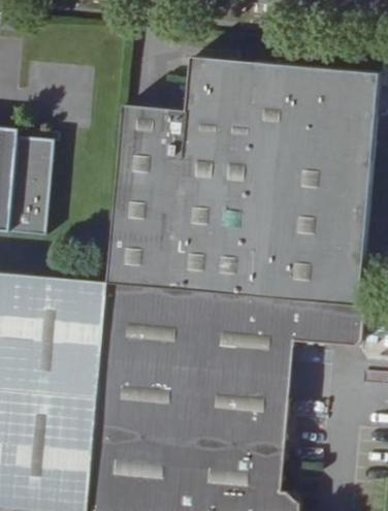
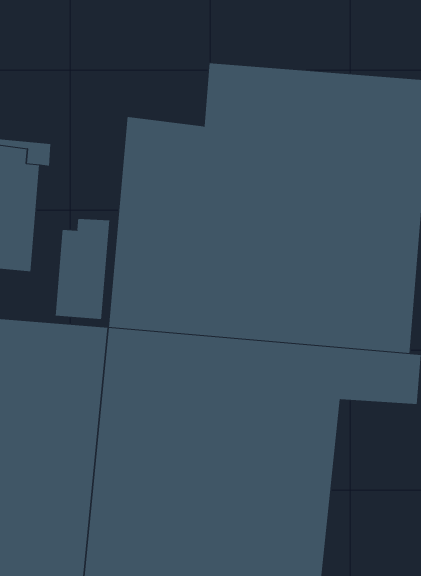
building: none -> [55,218,110,320]

